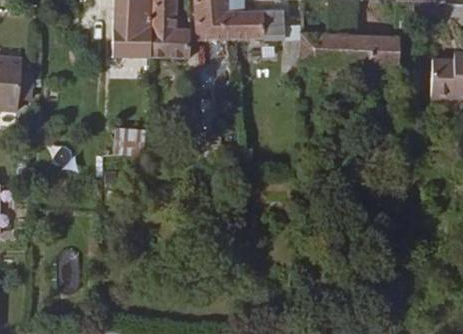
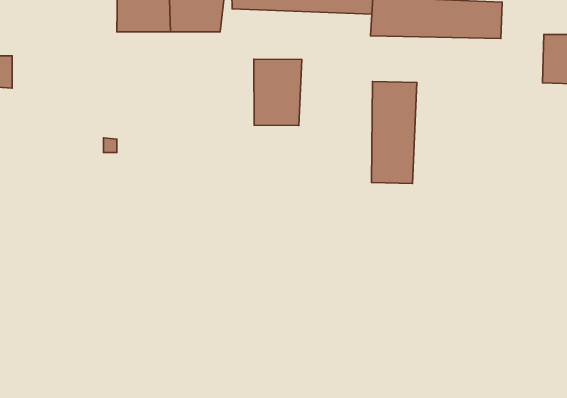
building: none -> [254,59,302,125]
building: none -> [371,81,417,183]

